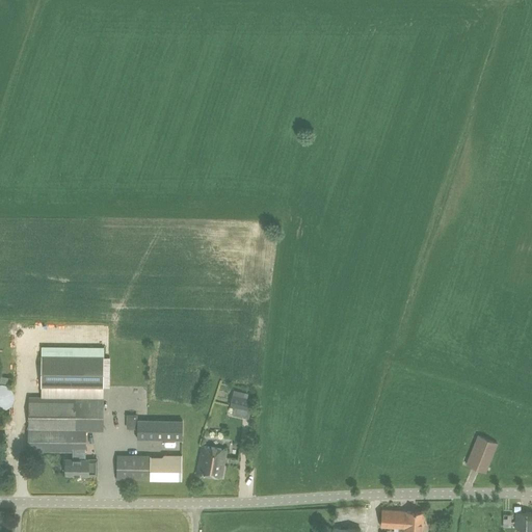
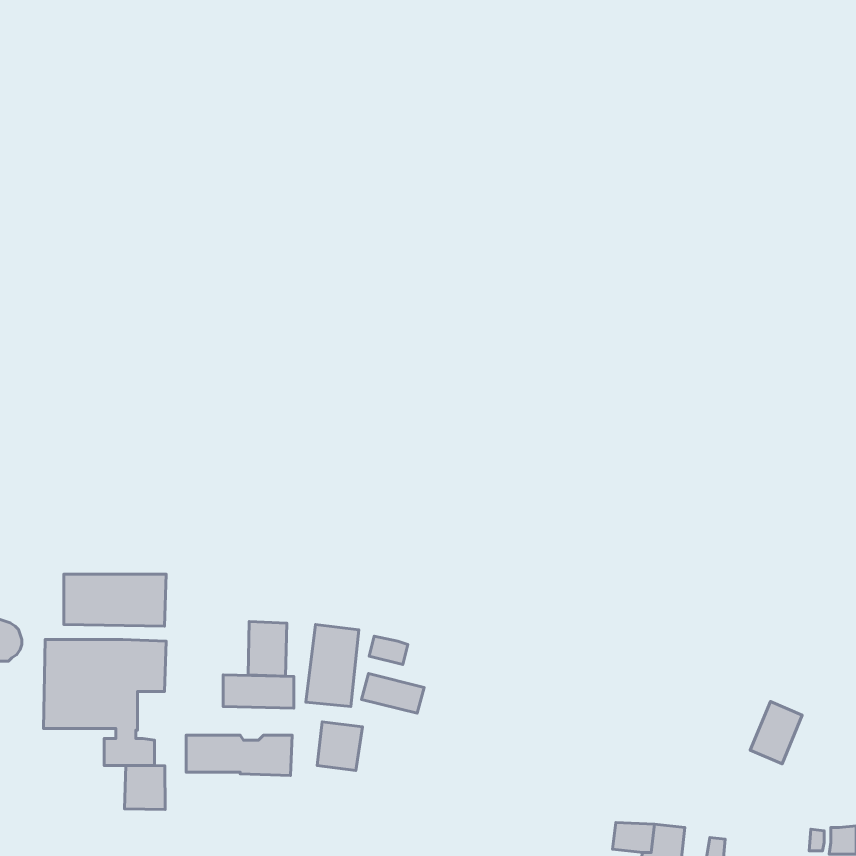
building: none -> [248,622,287,676]
building: none -> [306,624,359,706]
building: none -> [361,674,424,713]
building: none -> [124,765,165,810]

